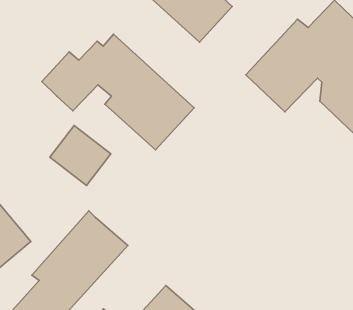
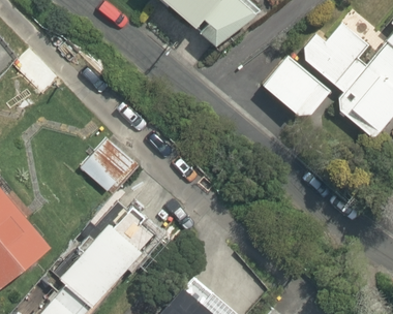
building: [42,34,194,150] -> none

